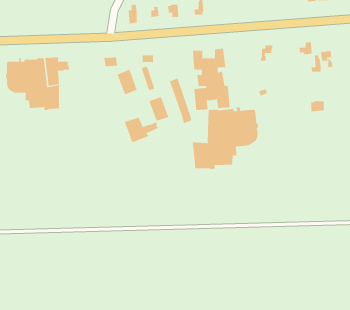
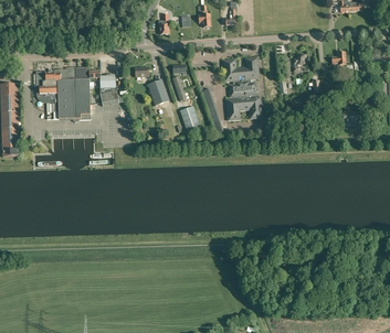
building: none -> [101,76,119,106]
building: [192,106,259,170] -> none
building: [124,117,159,143] -> none

